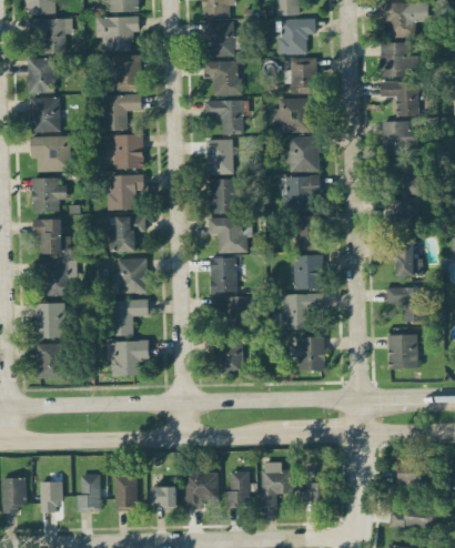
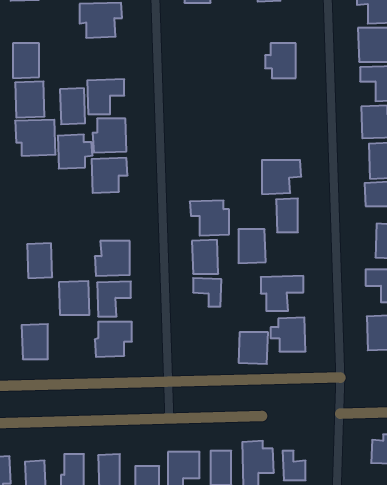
building: [26,19,72,53] -> none
building: [279,19,315,55] -> none
building: [203,21,234,57] -> none
building: [114,54,140,91] -> [60,88,85,124]
building: [203,61,240,95] -> none
building: [271,98,311,133] -> none
building: [204,100,244,134] -> none
building: [286,136,319,172] -> none
building: [206,140,233,174] -> none
building: [31,177,67,212] -> [58,135,93,169]
building: [208,179,239,214] -> none
building: [109,216,144,252] -> none
building: [32,219,70,253] -> none
building: [293,255,321,290] -> [238,229,266,263]
building: [34,303,65,337] -> [59,281,89,315]
building: [212,339,242,372] -> [239,332,268,364]

